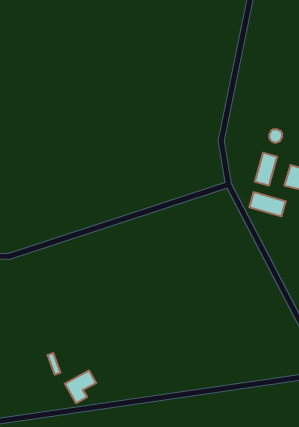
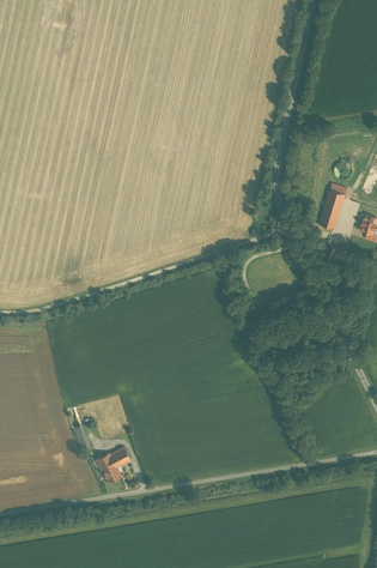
building: [249,192,286,216] -> none

